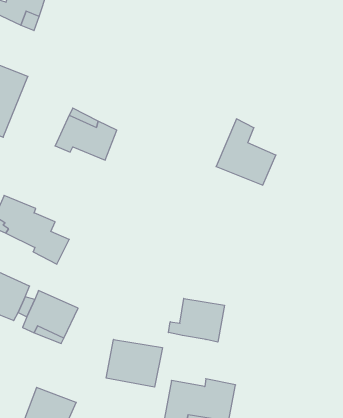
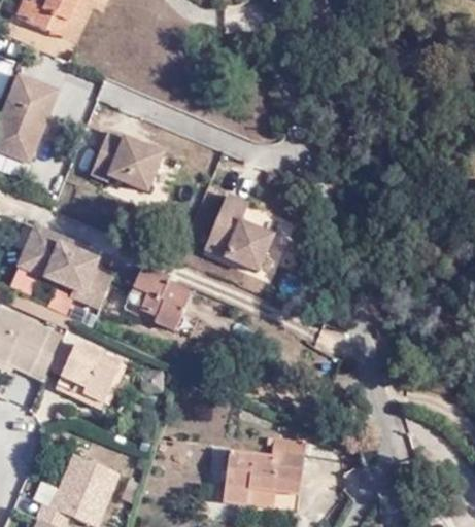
building: [216,119,276,185] -> [204,196,274,273]
building: none -> [133,262,192,328]
building: [168,298,224,342] -> none
building: [106,339,162,387] -> none

